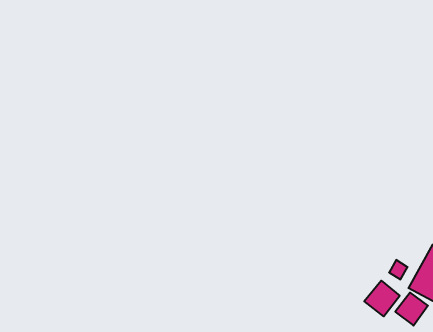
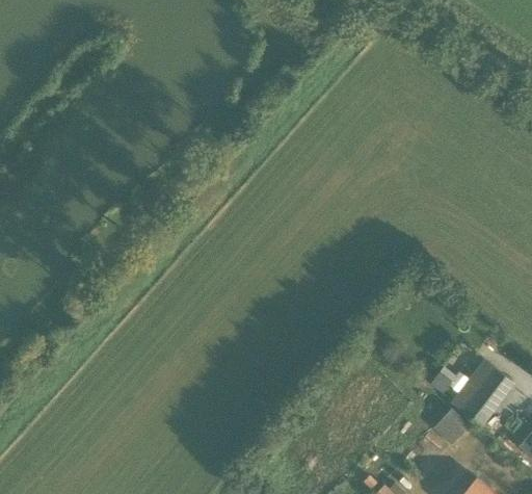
building: [364,281,400,316] -> none

